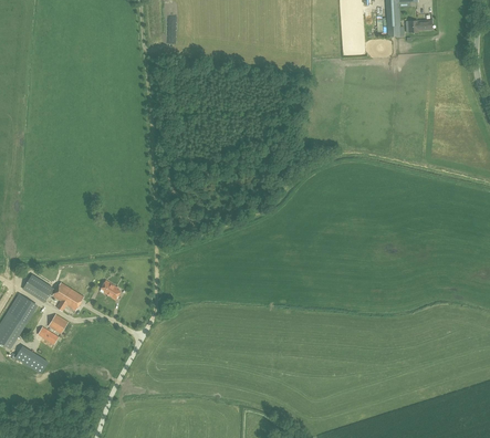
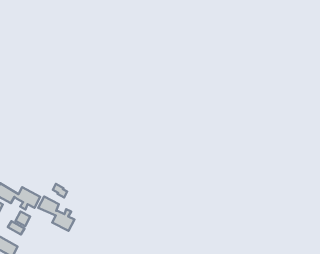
building: none -> [38,197,74,231]

